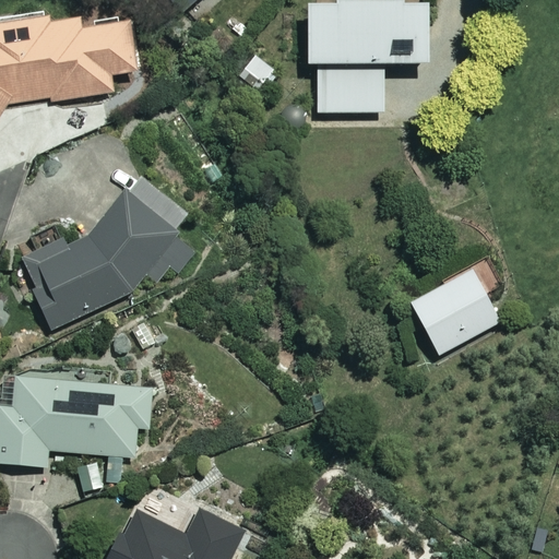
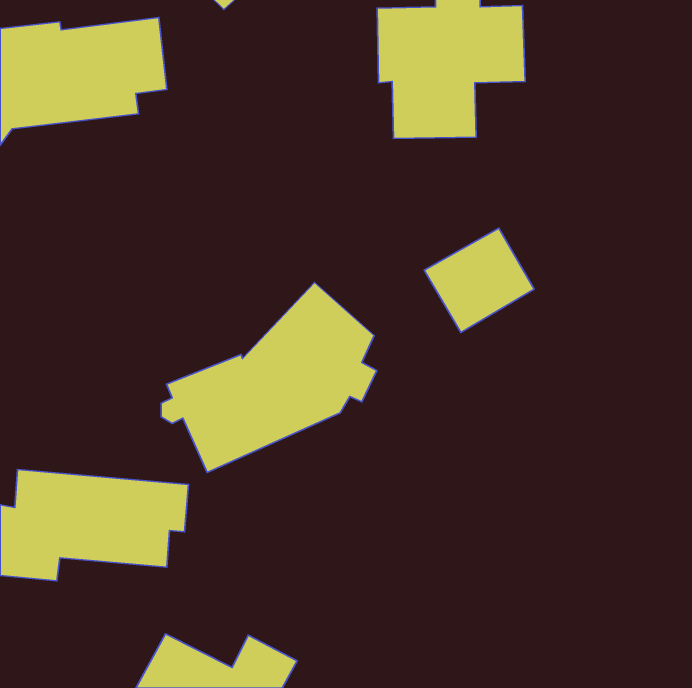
building: [17,176,191,329] -> [161,282,377,472]
building: [408,271,497,355] -> [424,228,534,333]

